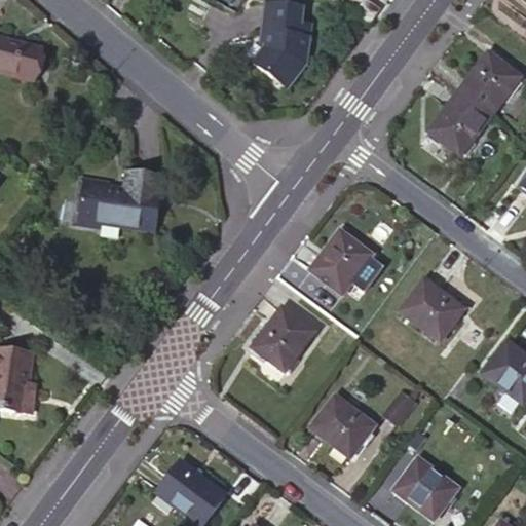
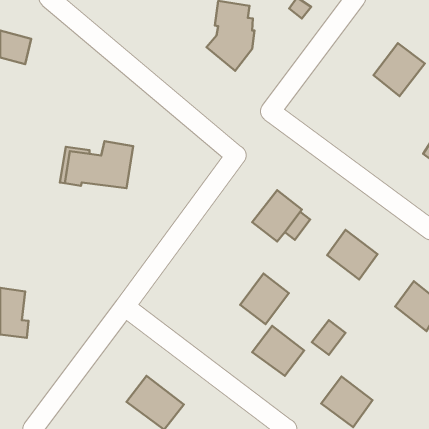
building: [427,91,489,155] -> none
building: [253,308,312,370] -> [240,274,289,324]

